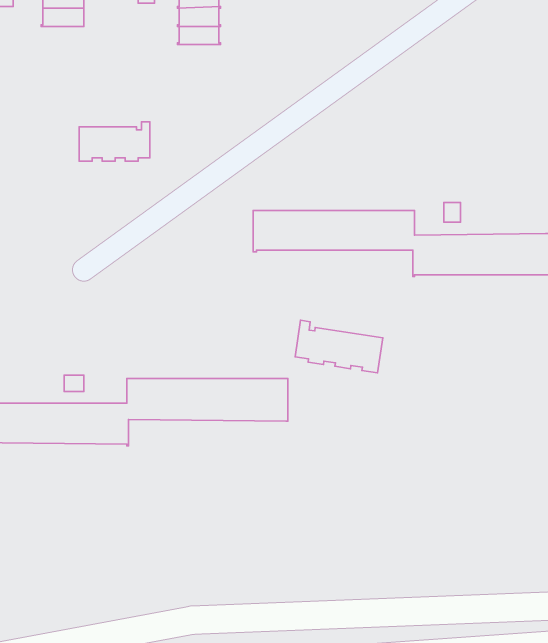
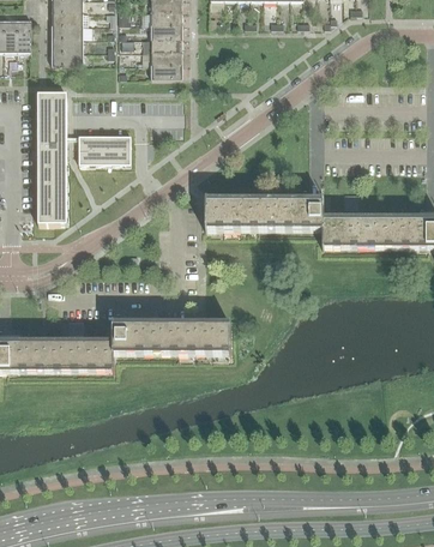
building: none -> [37,92,66,223]
building: [295,320,383,373] -> none

